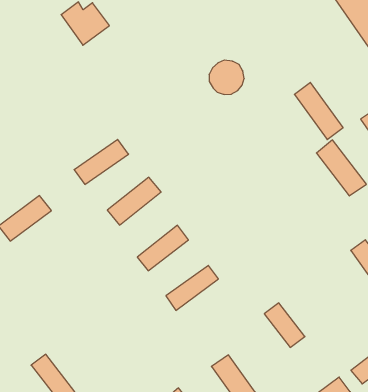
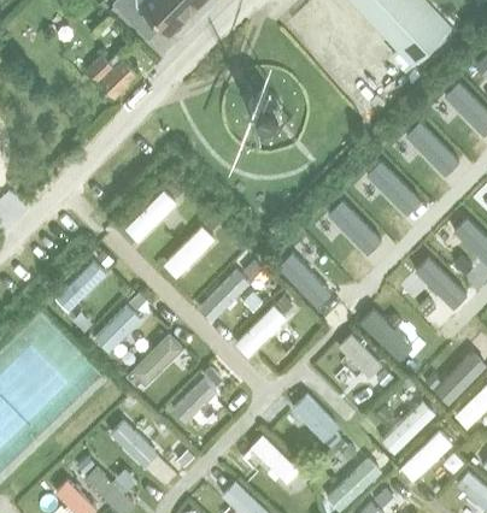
building: [294,82,343,140] -> [327,199,381,254]
building: none -> [277,252,330,306]
building: none -> [94,305,141,352]
building: none -> [131,334,183,384]
building: none -> [360,307,413,360]
building: none -> [171,378,216,424]

